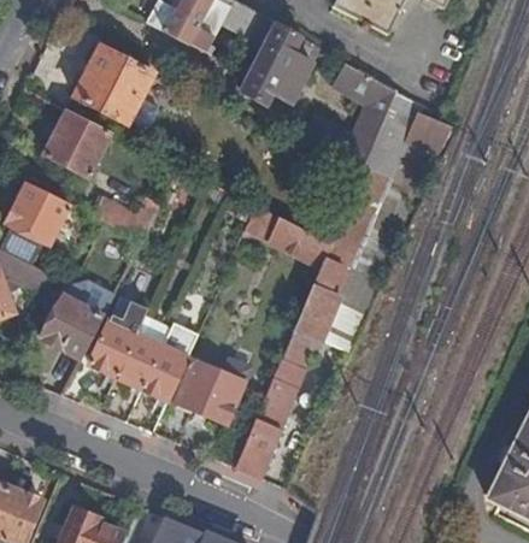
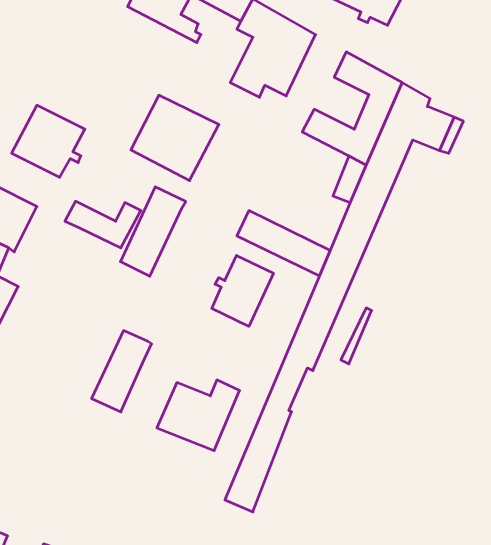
building: [75,46,154,123] -> [131,95,219,181]
building: none -> [212,255,273,326]
building: [41,295,104,356] -> none
building: [89,295,148,376] -> [120,187,186,276]
building: [142,344,192,400] -> none

